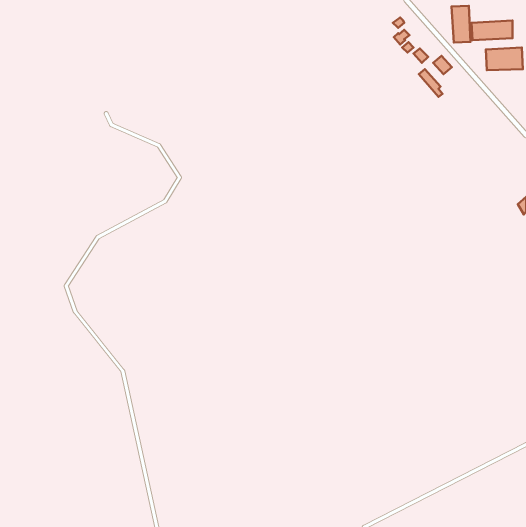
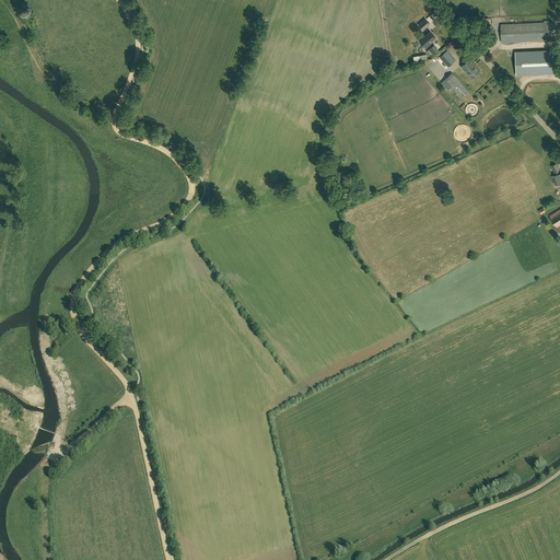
building: [452,6,470,43] -> none

